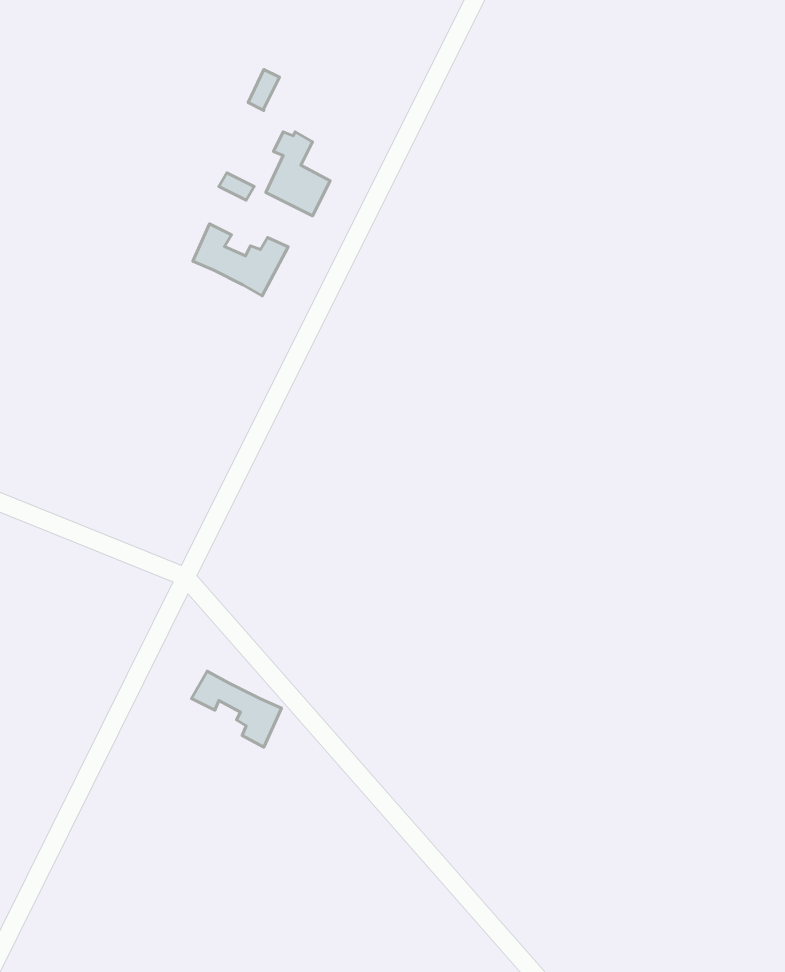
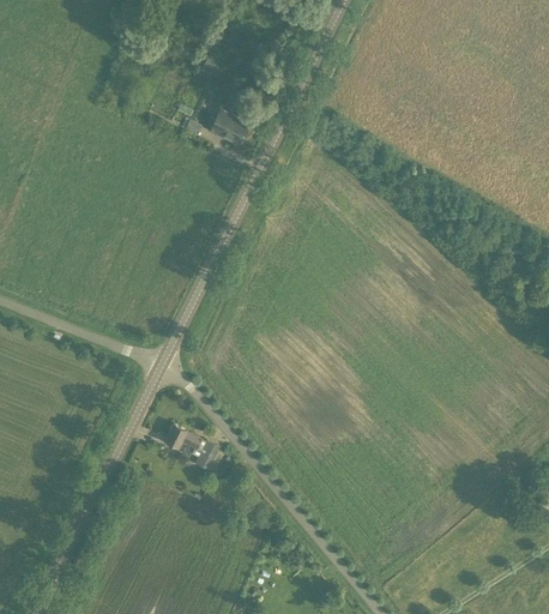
building: [193,224,288,296] -> none

